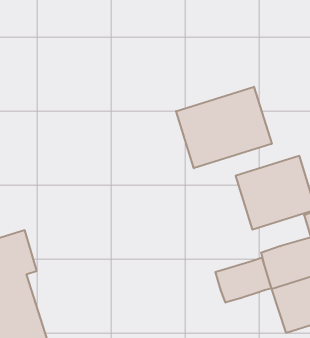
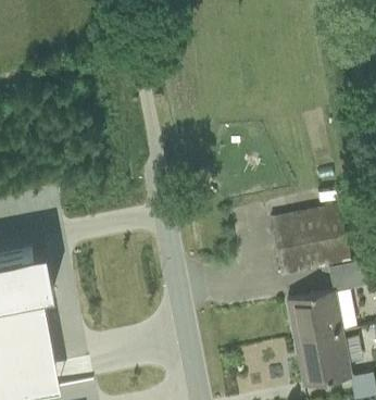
building: [176,87,272,168] -> none
building: [215,258,271,303] -> none

